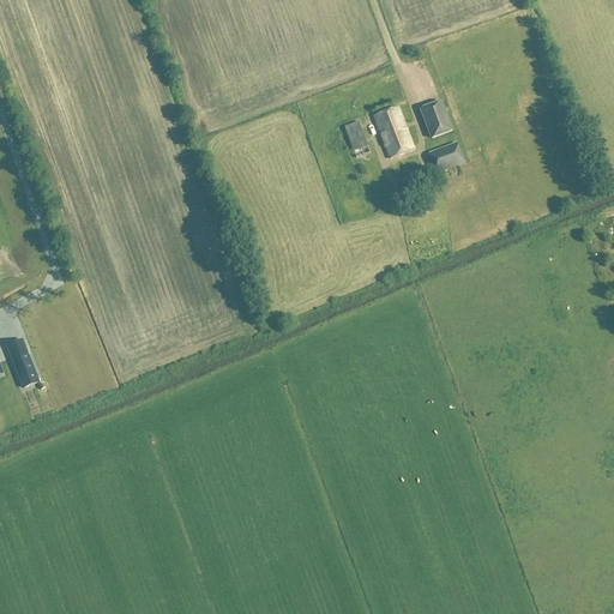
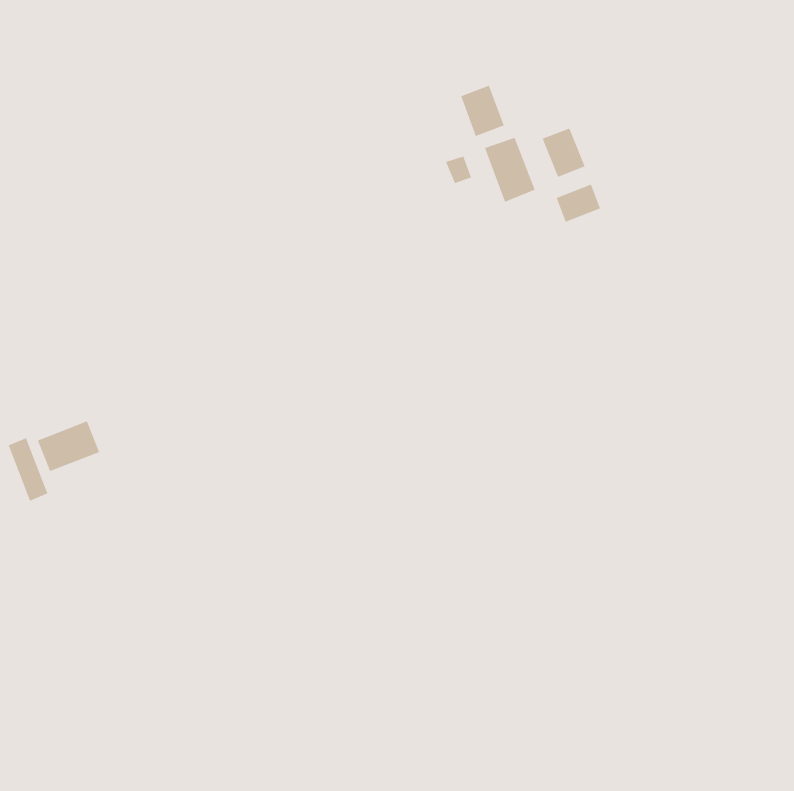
building: none -> [460,85,504,137]
building: none -> [37,421,100,472]

